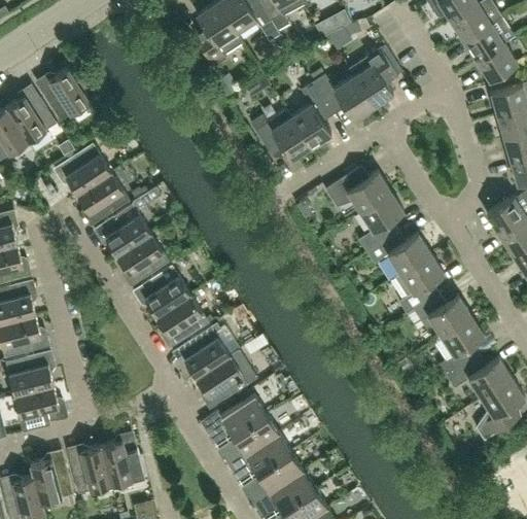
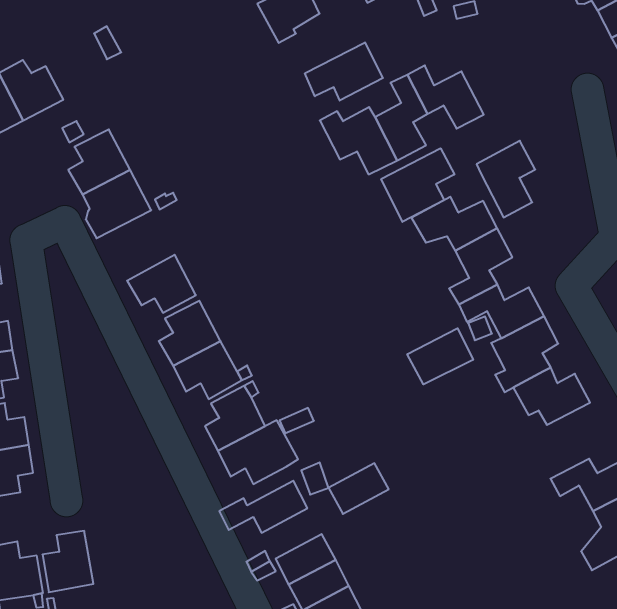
building: [349,48,393,107] -> [477,141,535,217]
building: none -> [305,42,383,101]
building: [45,68,90,122] -> none
building: none -> [381,148,454,222]
building: [105,204,150,255] -> none
building: none -> [407,328,473,384]
building: [433,316,484,376] -> none
building: [234,414,279,454] -> [328,463,389,514]
building: [101,441,144,485] -> none

